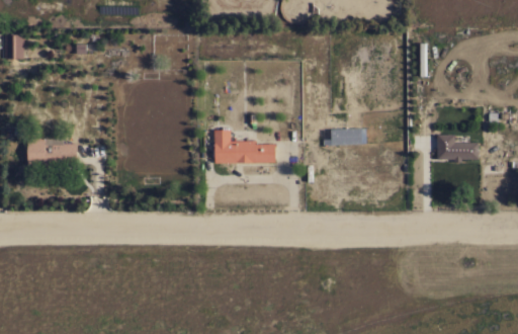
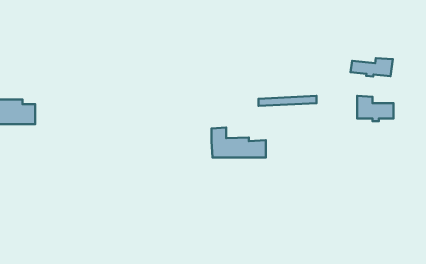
building: none -> [350,58,393,77]
building: [214,129,275,162] -> [212,127,266,157]

